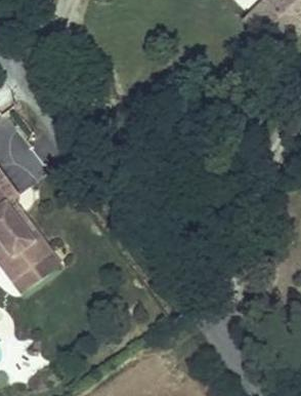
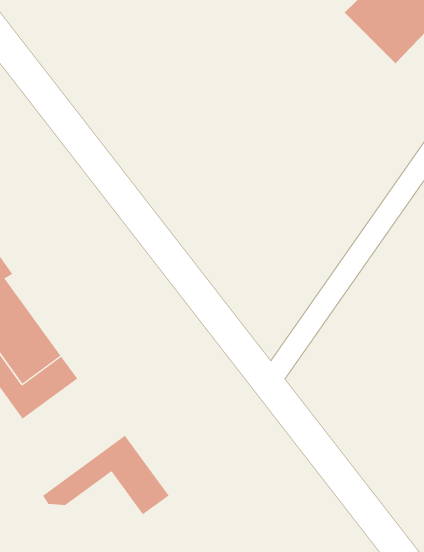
building: none -> [42,435,169,515]

